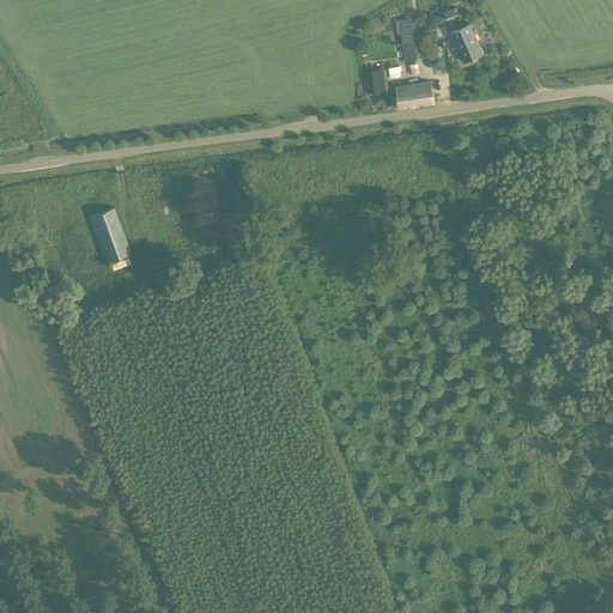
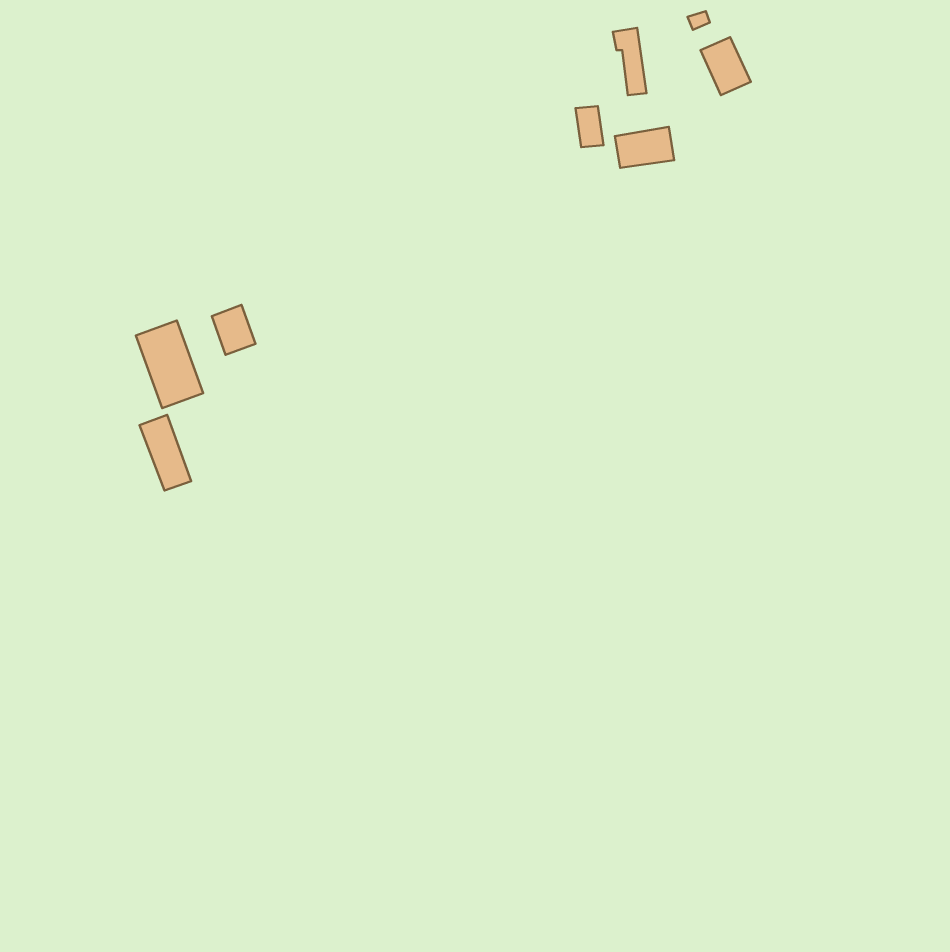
building: none -> [212,305,255,355]
building: none -> [139,415,191,491]

